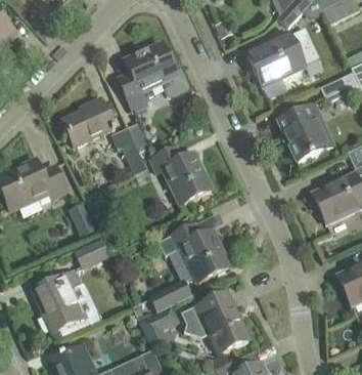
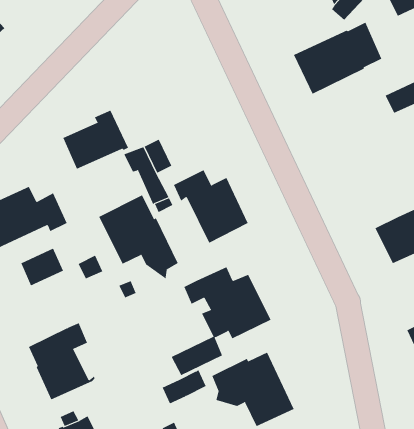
building: [118,42,189,110] -> none
building: [278,102,332,160] -> none
building: none -> [98,194,178,279]
building: [75,238,109,268] -> [20,248,64,286]

